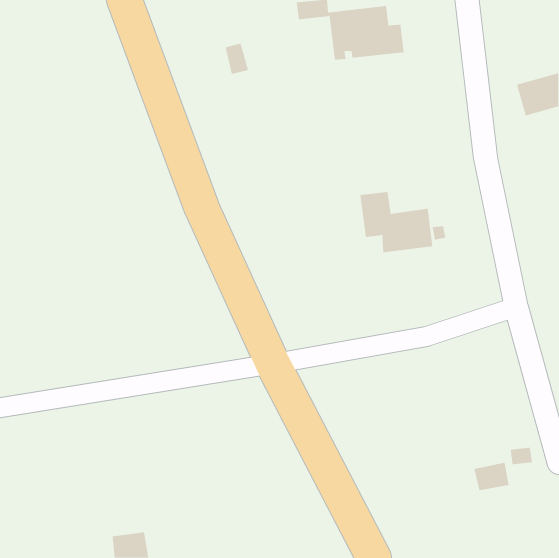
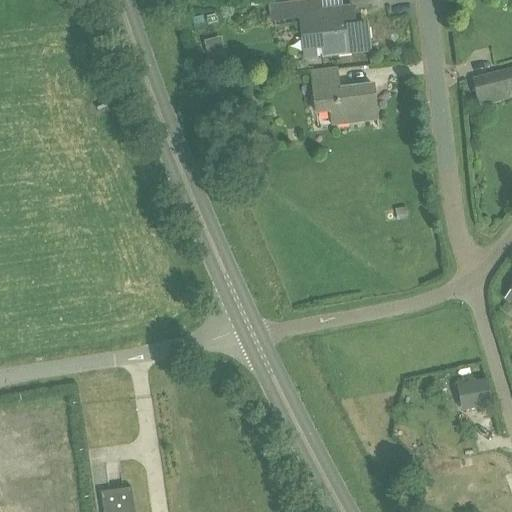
building: [360,192,433,253] -> [310,67,377,123]
building: [473,462,510,491] -> [458,379,491,405]

